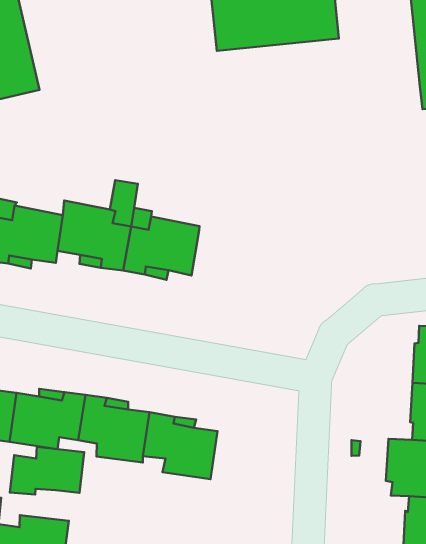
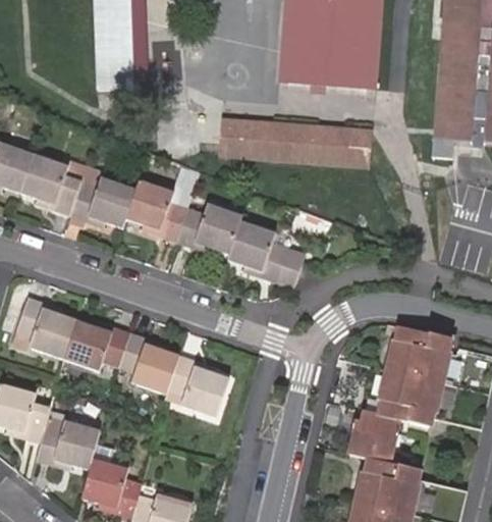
building: none -> [219,115,373,166]
building: none -> [225,219,307,289]
building: [10,447,84,495] -> none

